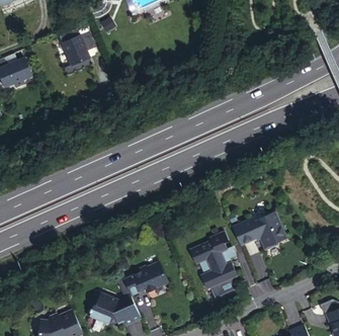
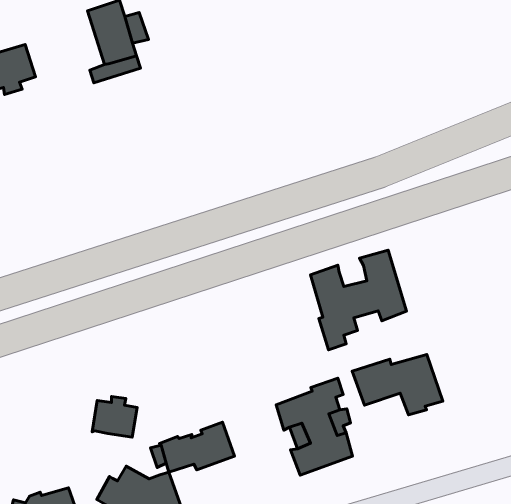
building: none -> [311,250,406,350]
building: none -> [92,396,137,437]

